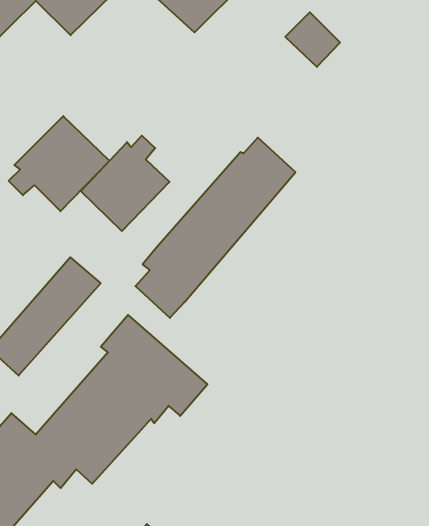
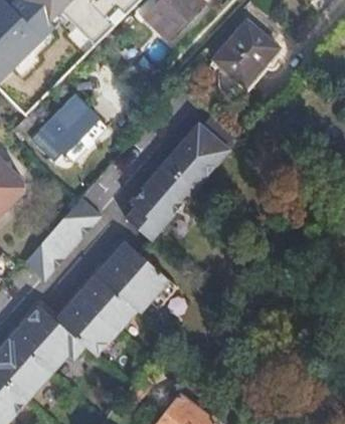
building: none -> [211,42,276,89]
building: [81,136,170,231] -> none

